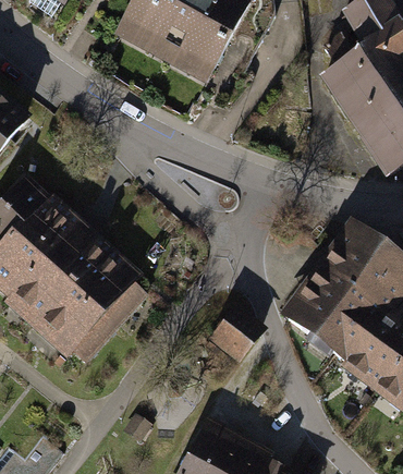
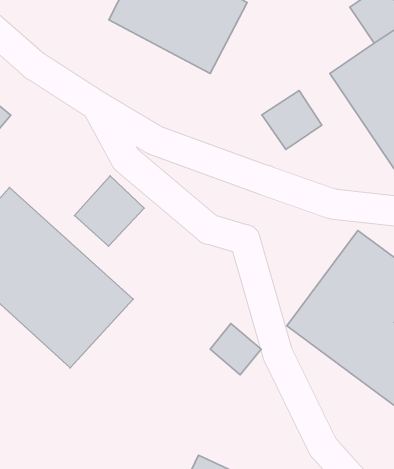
building: none -> [262,91,322,150]
building: none -> [74,176,144,246]

